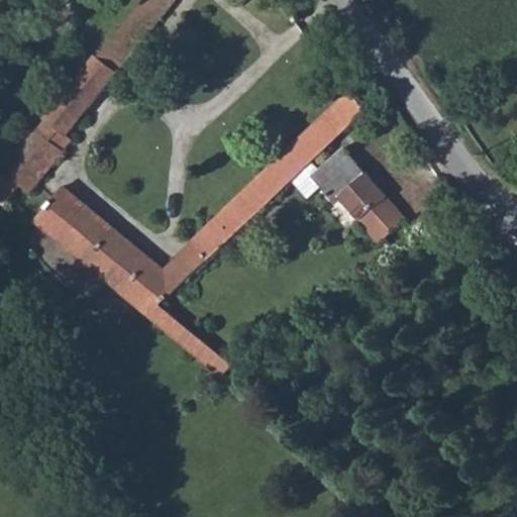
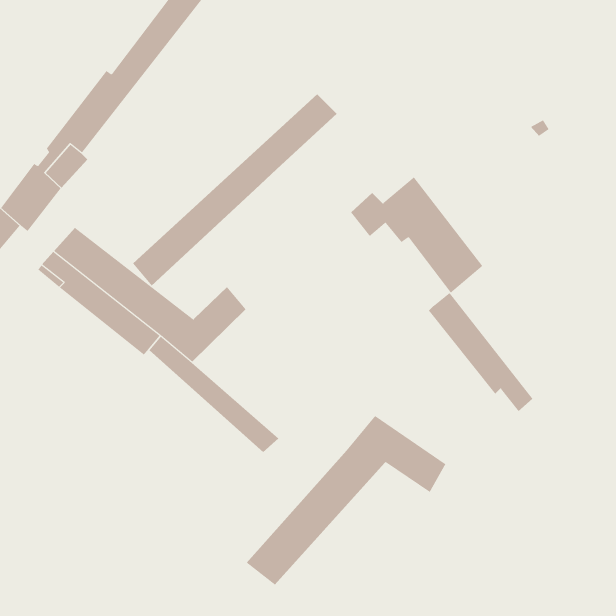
building: [190,97,361,258] -> [132,93,338,287]
building: none -> [428,292,533,412]
building: none -> [246,415,446,586]

